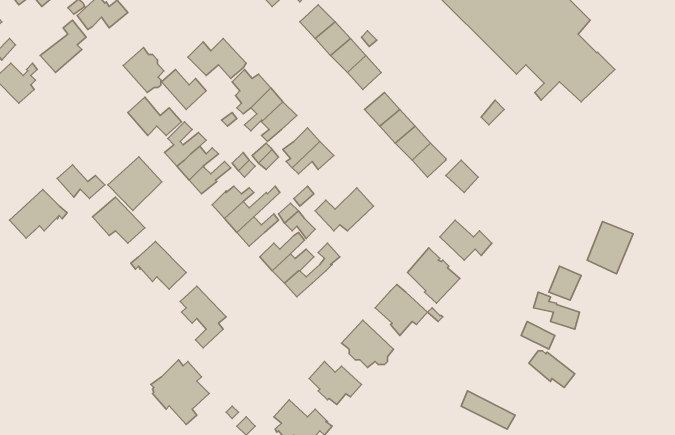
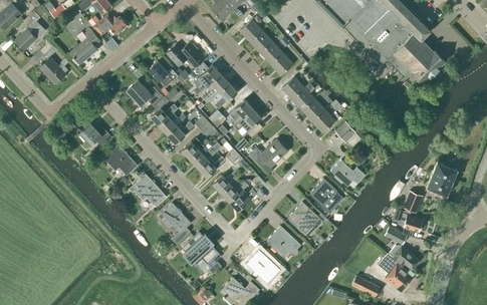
building: [123,48,164,93] -> none
building: [108,157,162,211] -> none
building: [10,189,67,238] -> none
building: [151,360,209,424] -> [181,231,219,273]
building: none -> [377,252,415,292]

